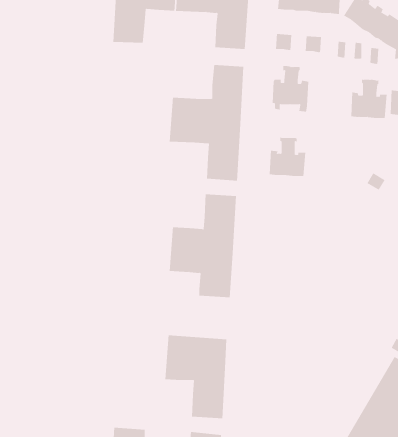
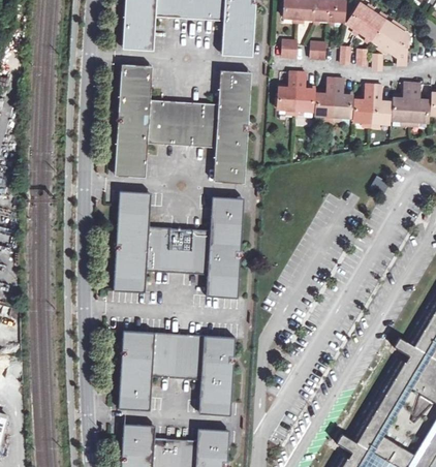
building: none -> [115,64,181,177]
building: [269,136,306,177] -> [316,77,352,117]
building: none -> [114,191,181,292]
building: none -> [119,331,177,409]

